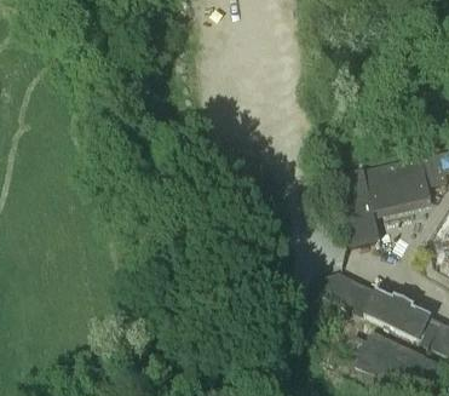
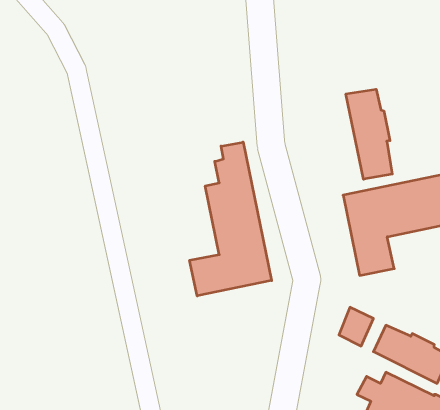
building: none -> [346,89,392,179]
building: none -> [190,142,272,296]

